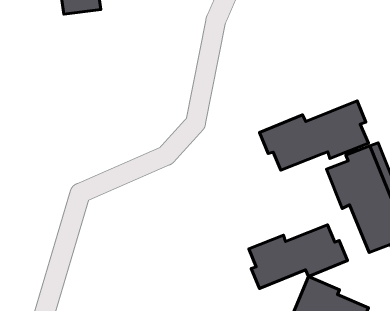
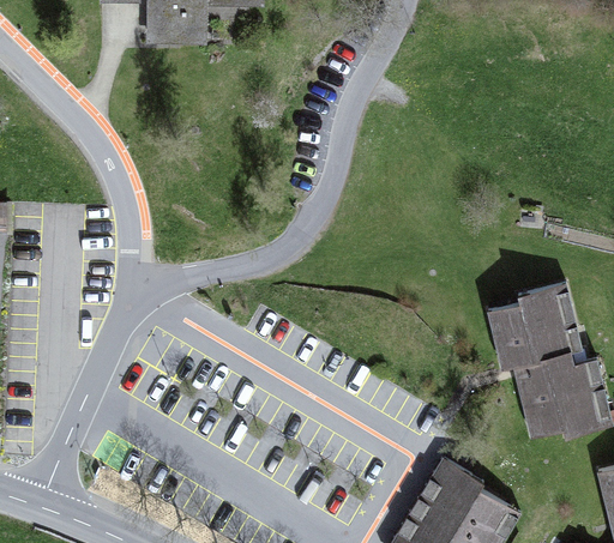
building: [259,101,368,170] -> none
building: [249,225,347,288] -> none

